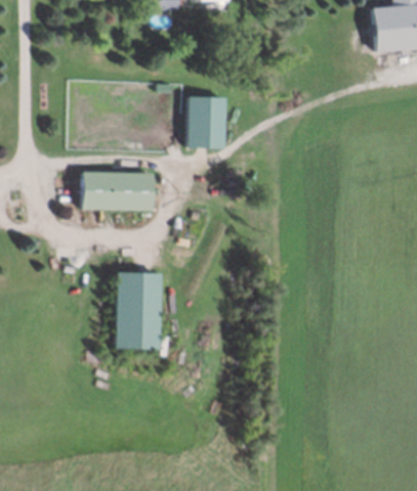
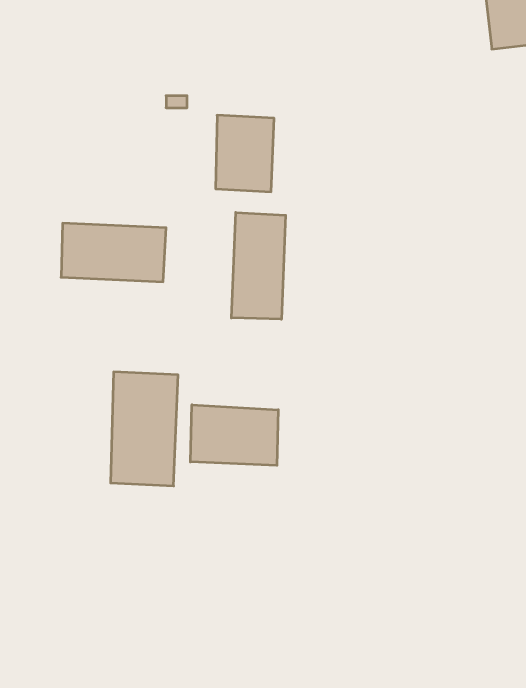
building: none -> [231,212,286,319]
building: none -> [190,405,278,465]

